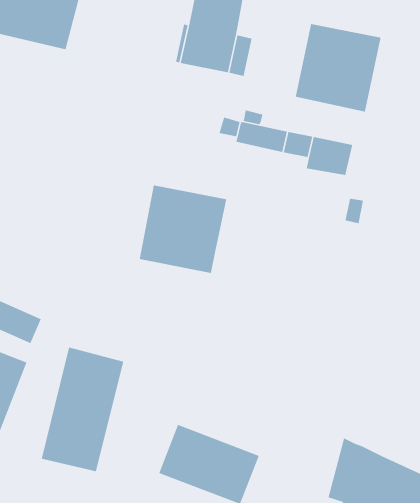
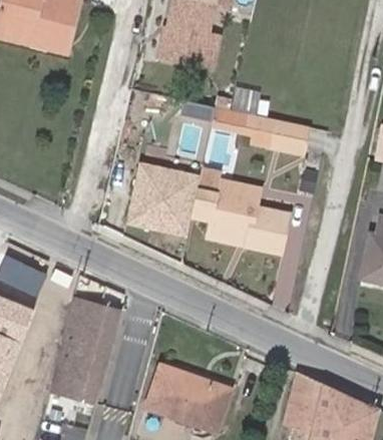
building: [295,23,382,113] -> none
building: none -> [192,168,288,254]

